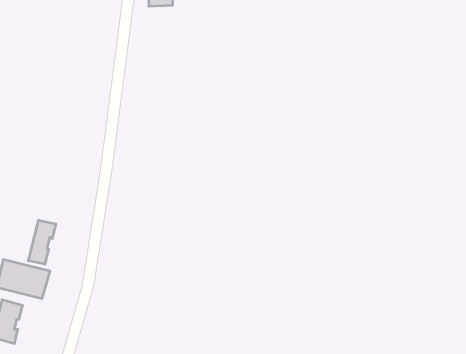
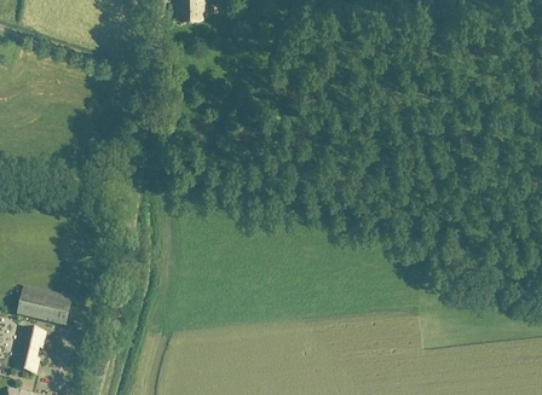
building: [28,220,56,264] -> none

